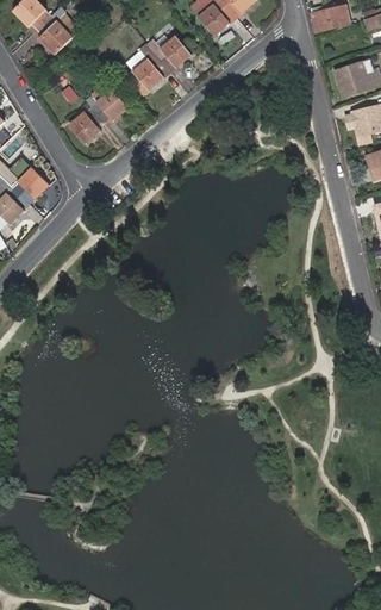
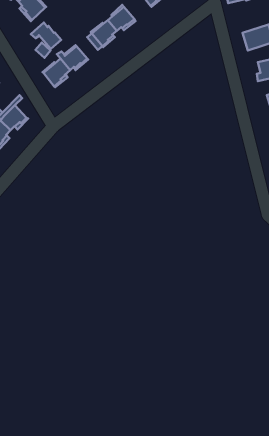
building: none -> [31,23,61,49]

